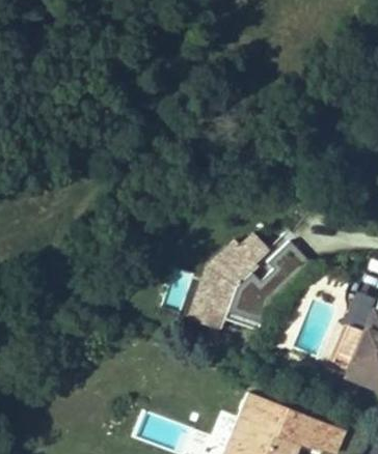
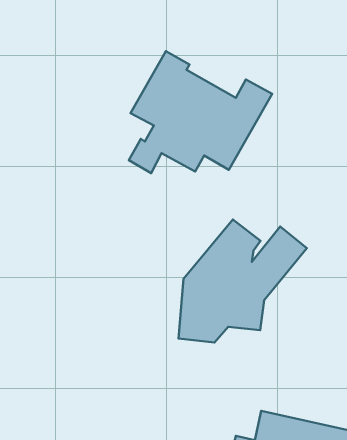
building: none -> [129,51,272,173]

